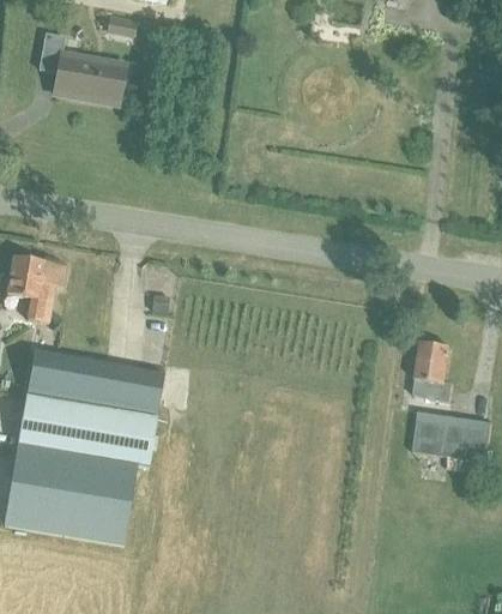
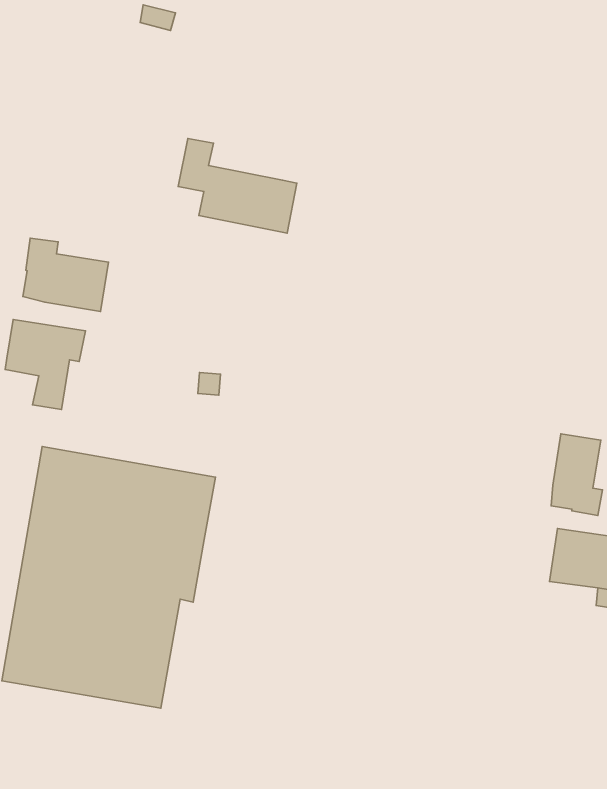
building: [38,32,127,103] -> [178,138,297,233]
building: none -> [23,238,109,312]

